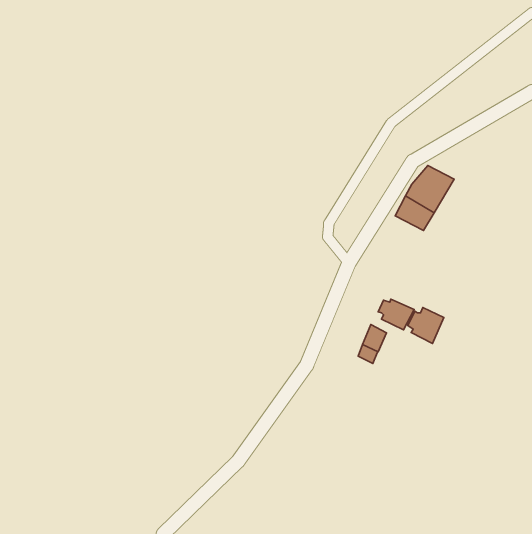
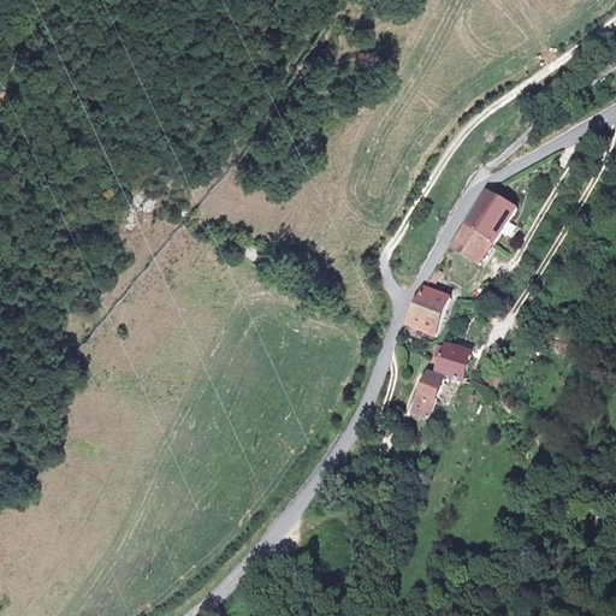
building: none -> [403,285,449,334]
building: [408,308,444,343] -> none

